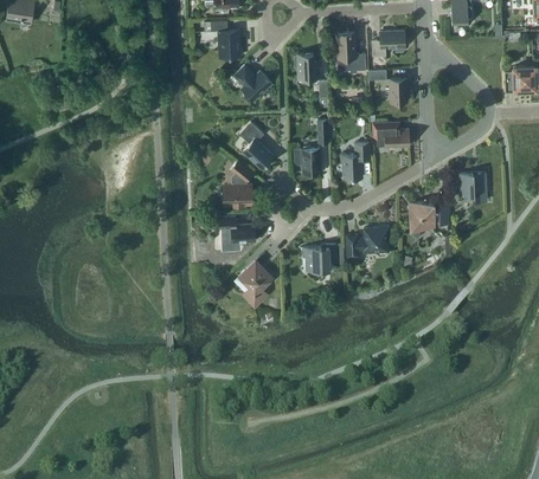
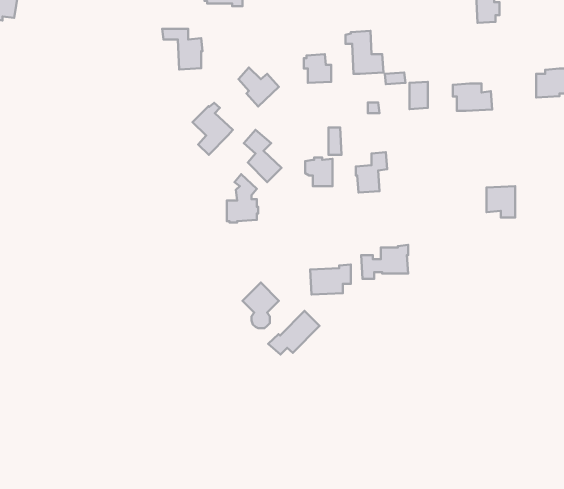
building: [204,21,240,58] -> [162,29,203,69]
building: [372,31,404,57] -> none
building: none -> [192,103,233,155]
building: [373,122,409,147] -> [453,83,492,111]
building: [409,202,449,227] -> none
building: [219,215,255,242] -> none
building: none -> [268,311,319,355]

